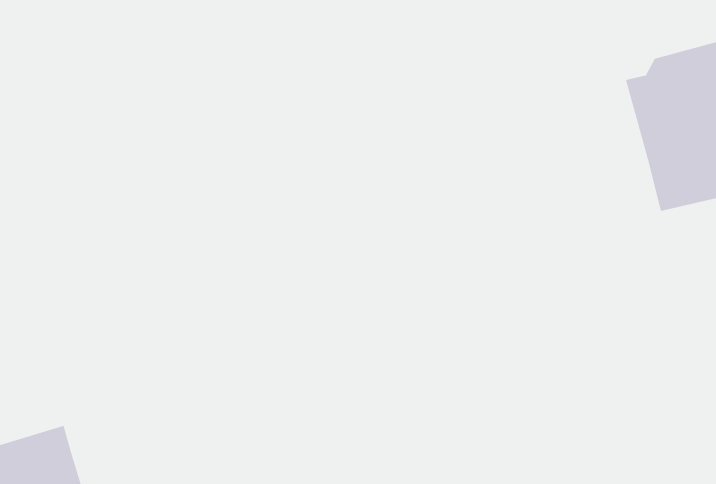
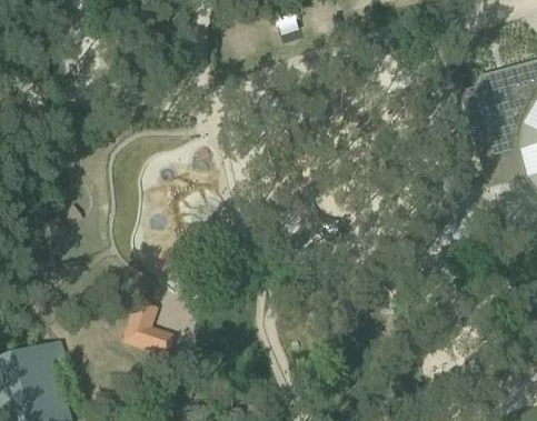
building: none -> [132,301,183,354]

